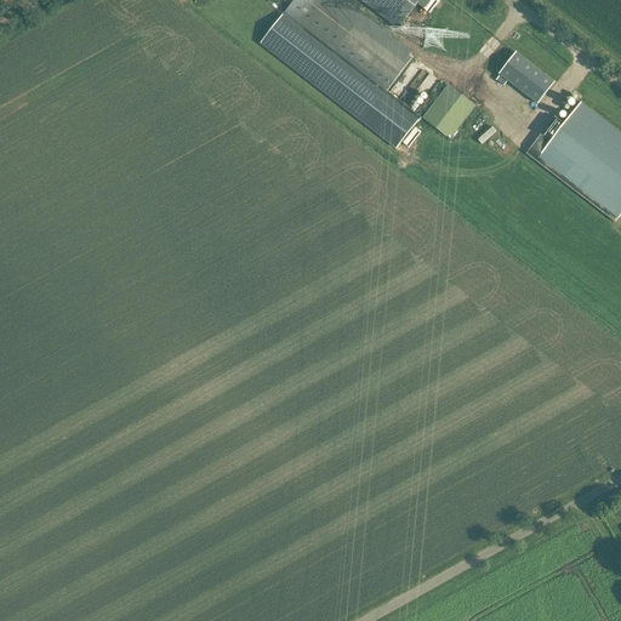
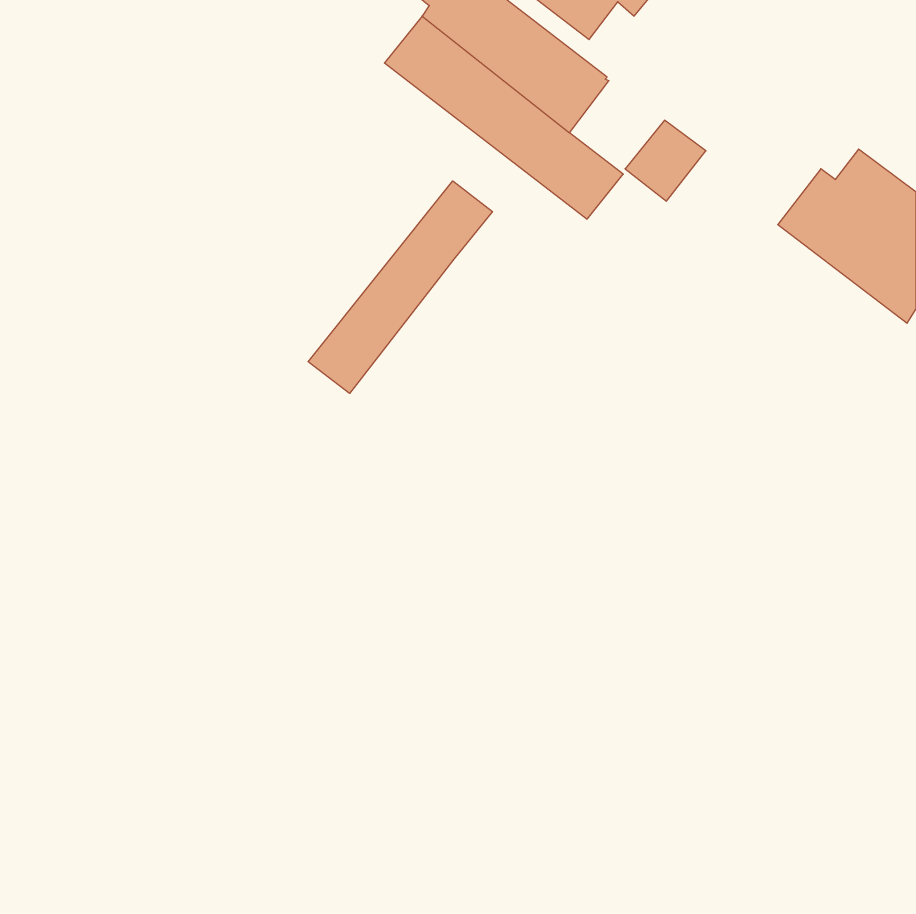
building: [498,50,554,102] -> none
building: none -> [308,181,492,393]

